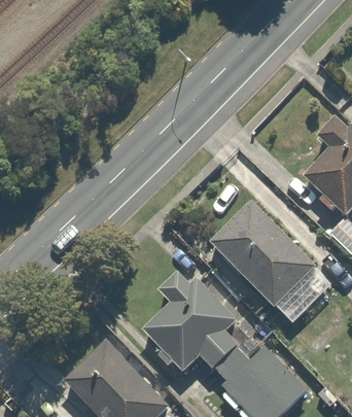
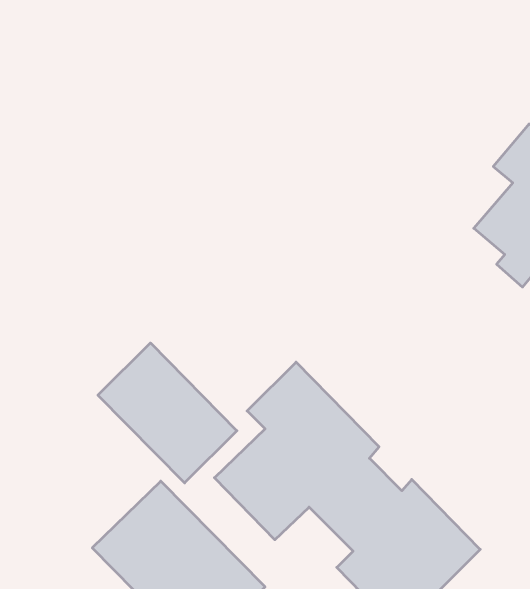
building: [210,201,320,311] -> none
building: none -> [98,343,237,483]

